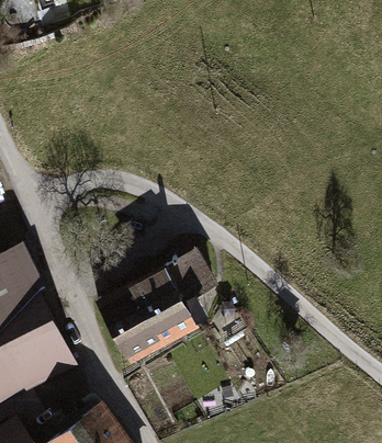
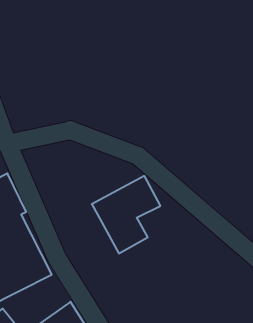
building: [100,280,169,363] -> none

